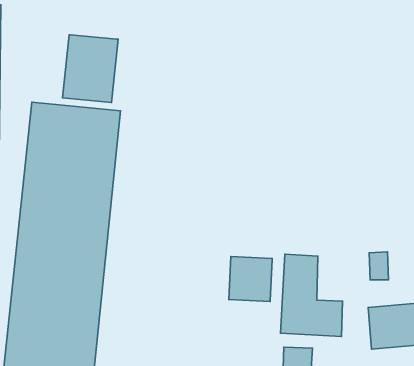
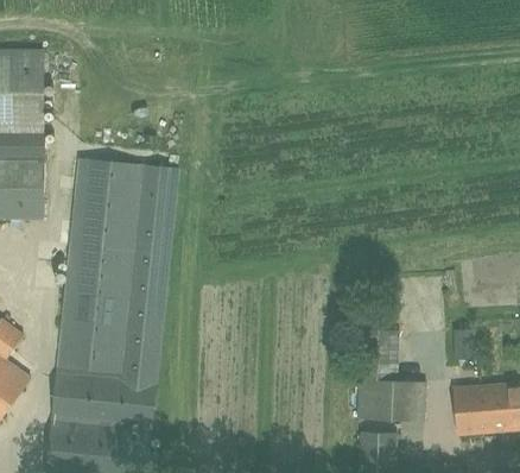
building: [63,35,118,102] -> none
building: [229,256,272,302] -> none

